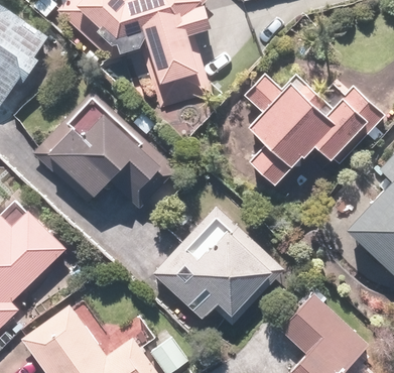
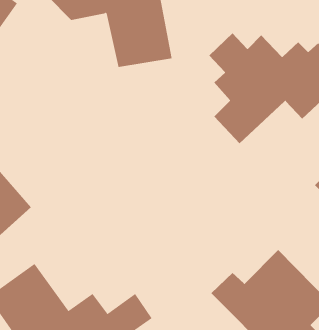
building: [48,97,172,209] -> none
building: [153,205,279,321] -> none

